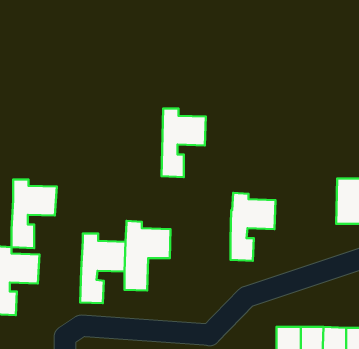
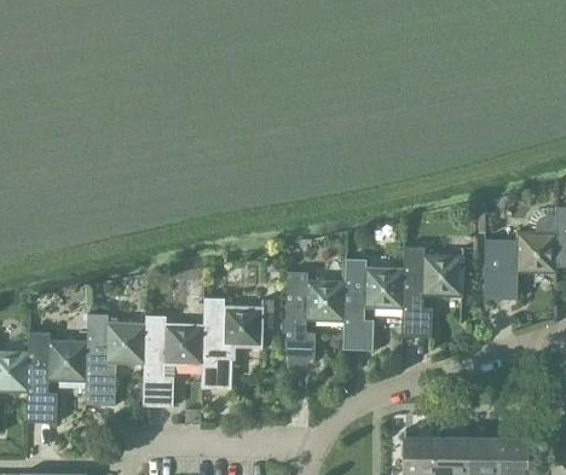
building: [161,108,206,177] -> [284,272,343,364]
building: [11,179,57,248] -> [85,314,145,406]
building: none -> [400,245,462,338]

